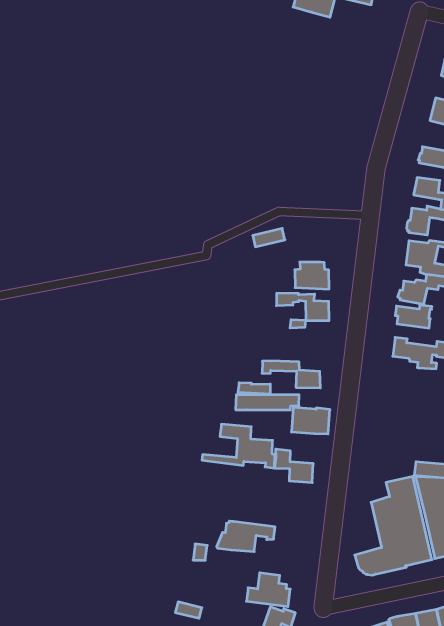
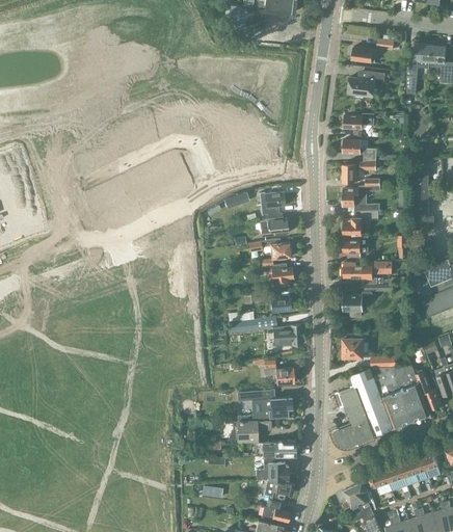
building: none -> [259,192,284,216]
building: none -> [249,264,292,288]
building: none -> [342,292,375,317]
building: [202,424,275,468] -> [237,390,293,420]
building: none -> [343,332,368,362]
building: none -> [254,440,295,456]

